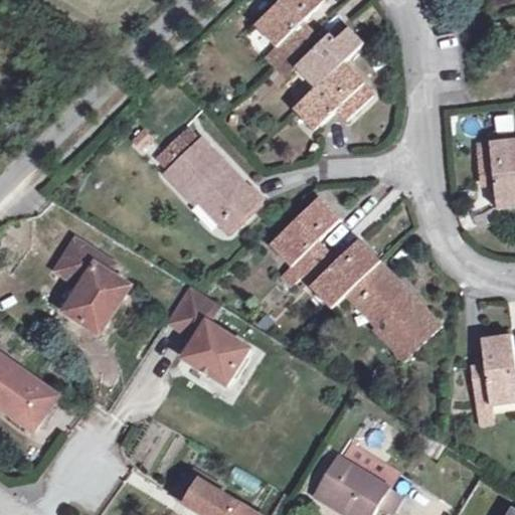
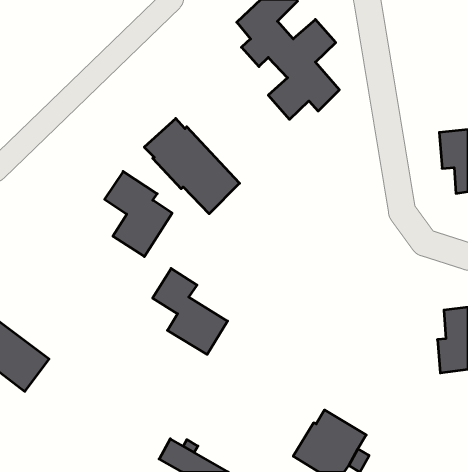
building: [272,200,440,361] -> none
building: [55,239,129,332] -> [105,171,172,257]

